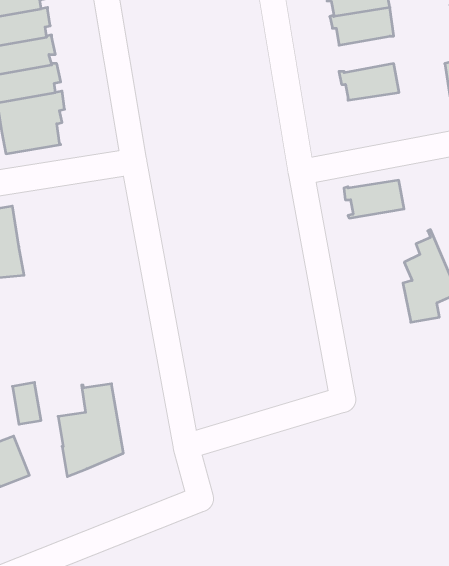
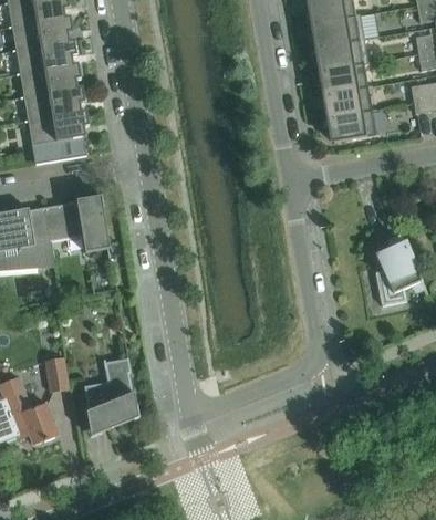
building: none -> [318,63,367,94]
building: [344,180,404,218] -> [325,111,376,143]
building: none -> [44,195,110,252]

